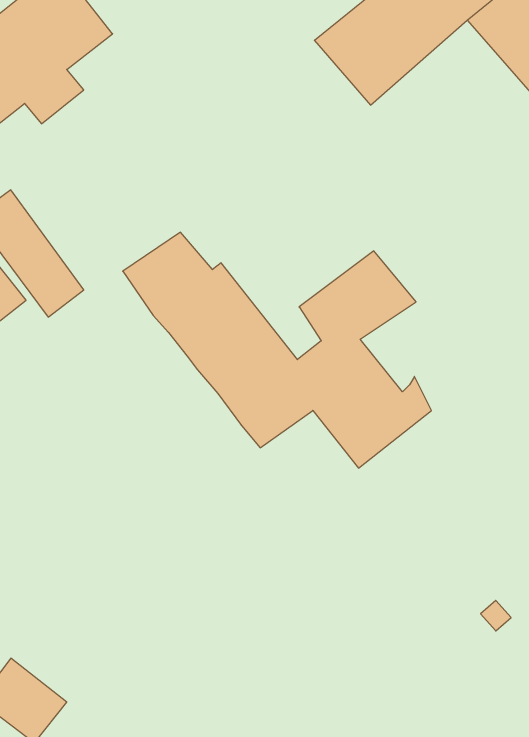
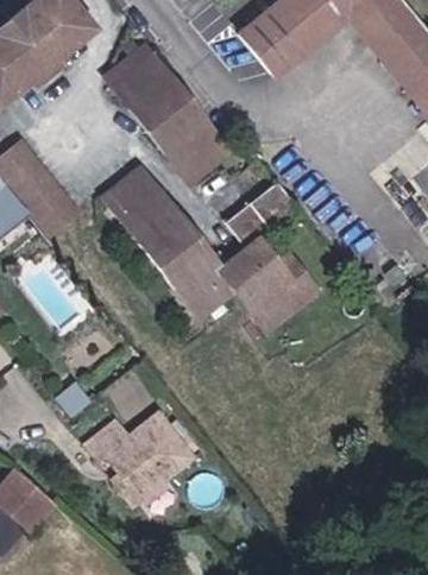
building: none -> [102,46,232,189]
building: none -> [97,407,204,500]

